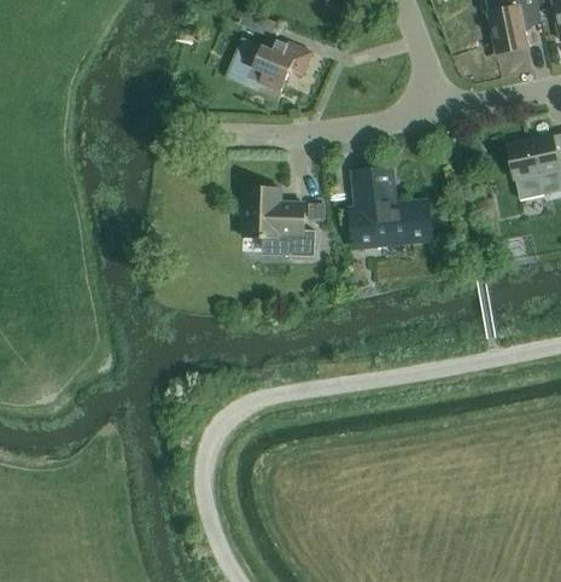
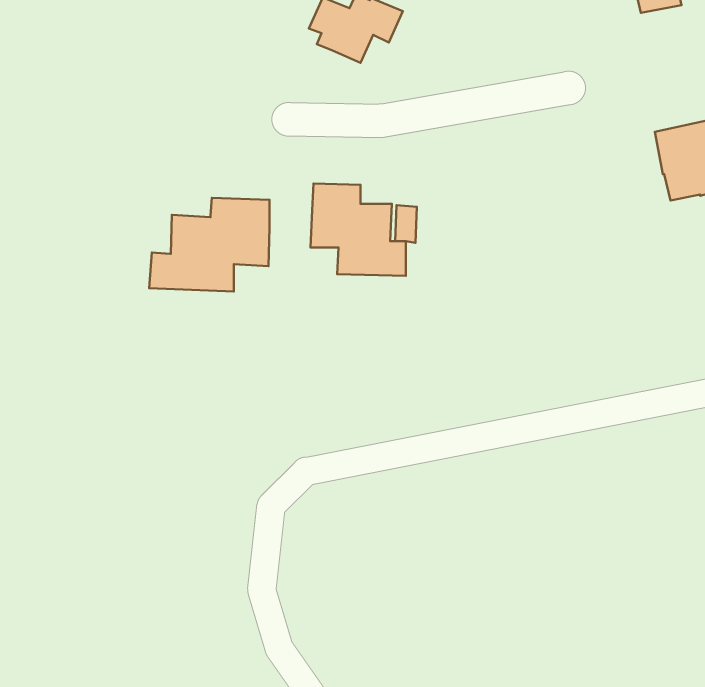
building: [353,170,429,246] -> none
building: none -> [149,198,270,292]

